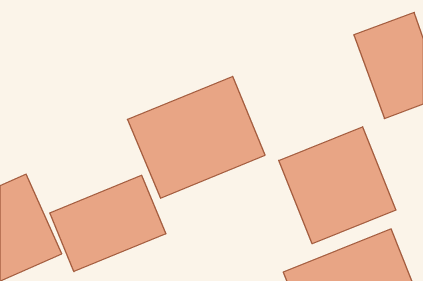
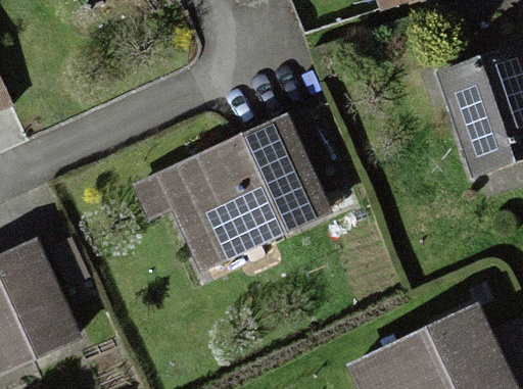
building: [279,127,396,244] -> none
building: [50,175,166,272] -> none

